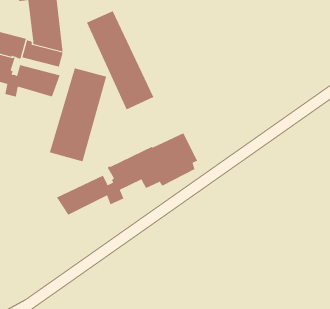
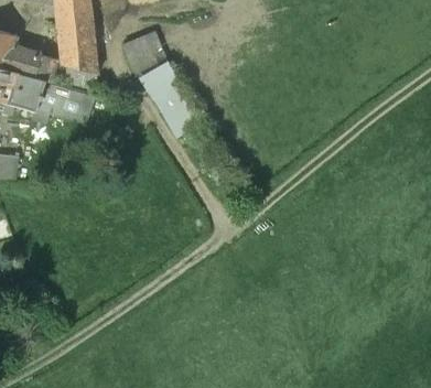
building: [49,68,107,162] -> none
building: [56,132,198,216] -> none

